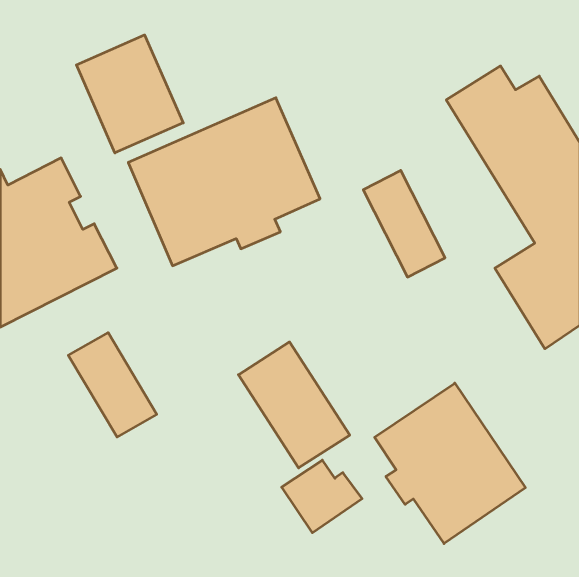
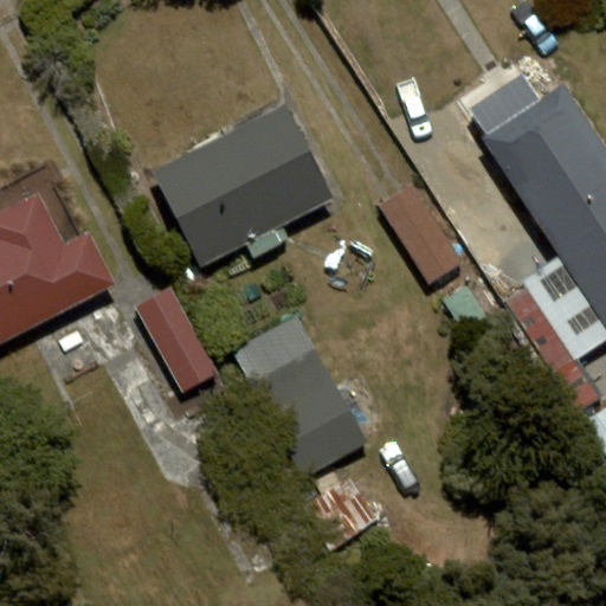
building: [76,35,183,153] -> none
building: [68,333,157,437] -> [129,286,221,395]
building: [375,383,525,544] -> none

